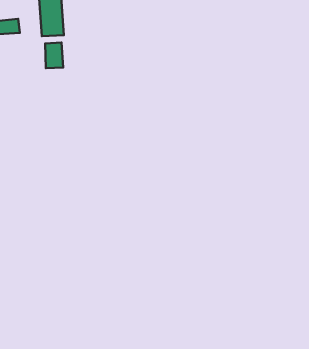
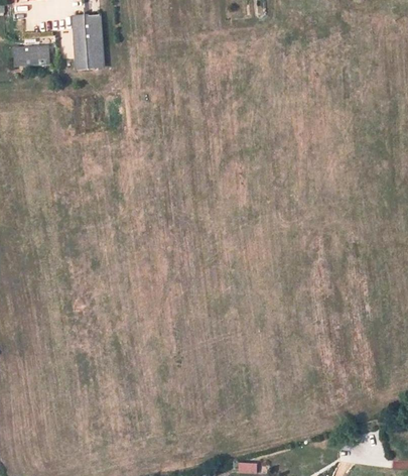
building: [45,42,63,68] -> none

